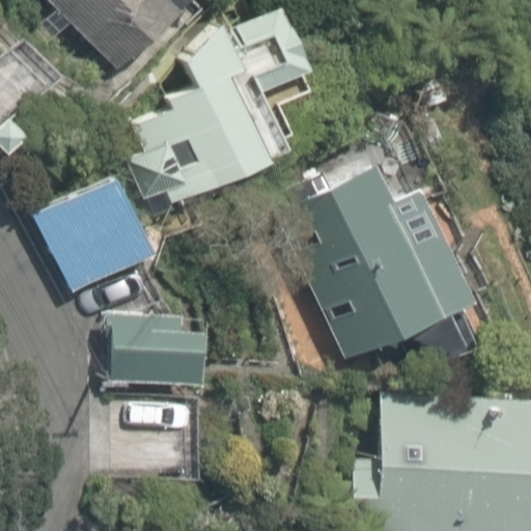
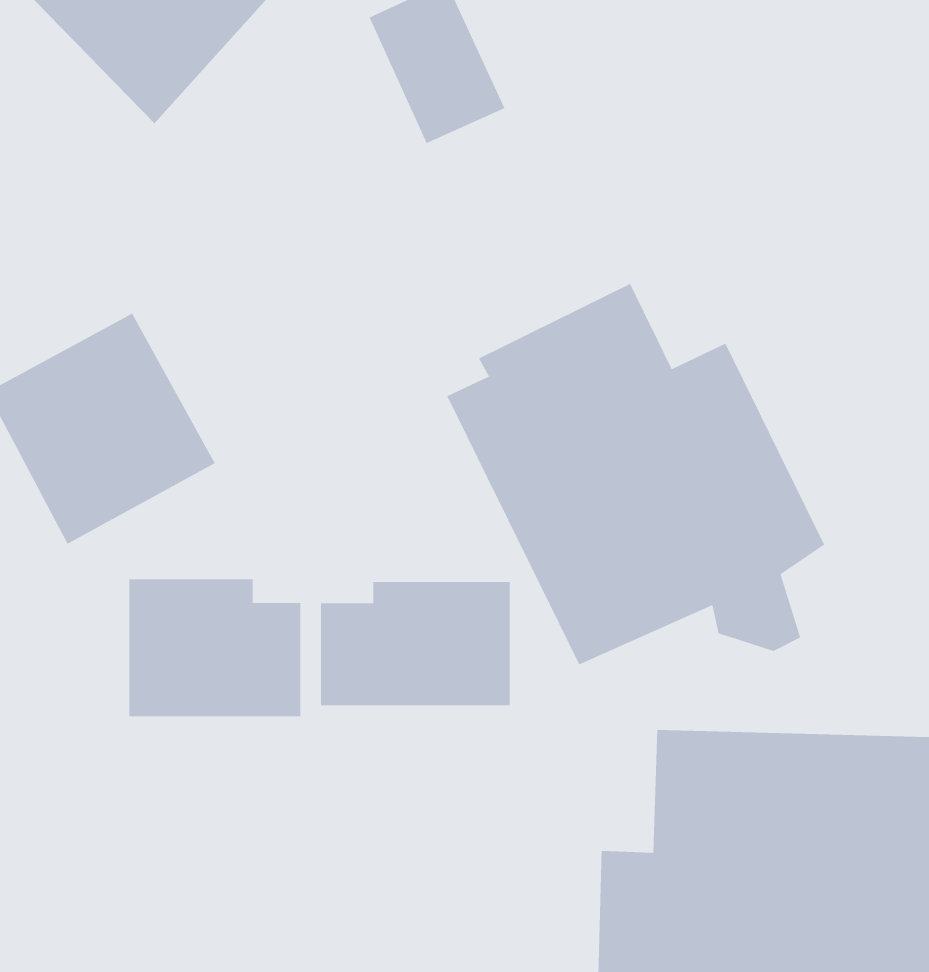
building: [121,18,290,213] -> none
building: none -> [320,581,510,706]

